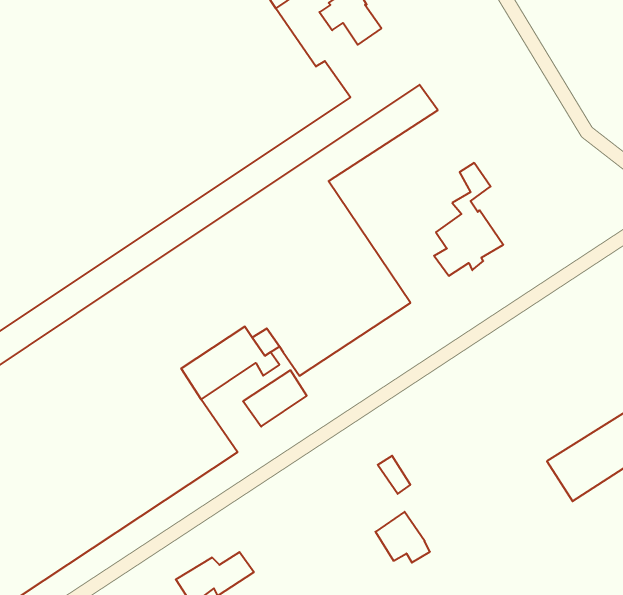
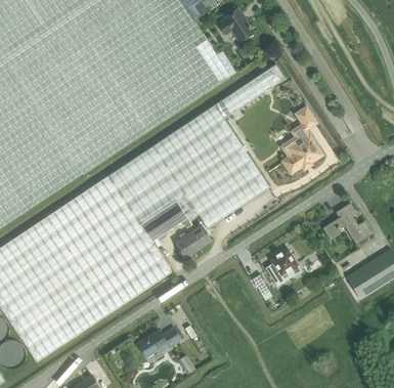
building: none -> [322,203,371,244]
building: [375,512,430,563] -> [270,249,301,277]

